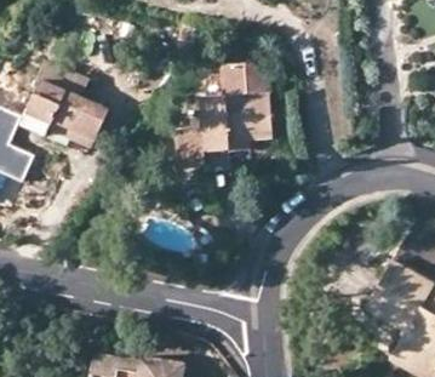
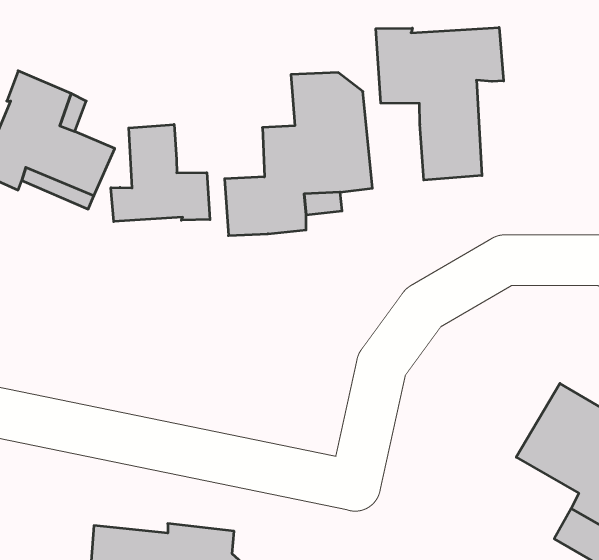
building: none -> [376,27,504,180]
building: none -> [111,124,210,222]

